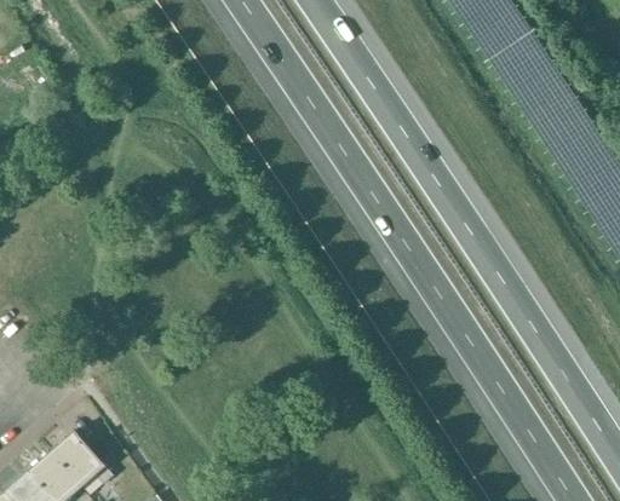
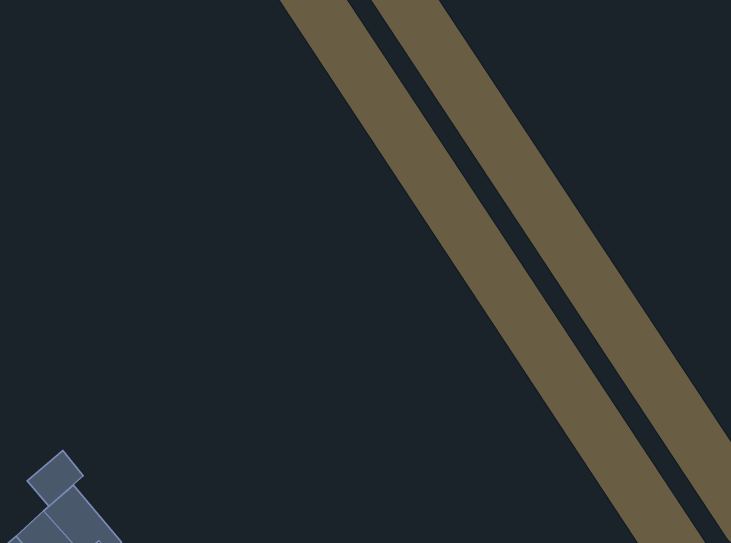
building: none -> [27,451,83,506]

